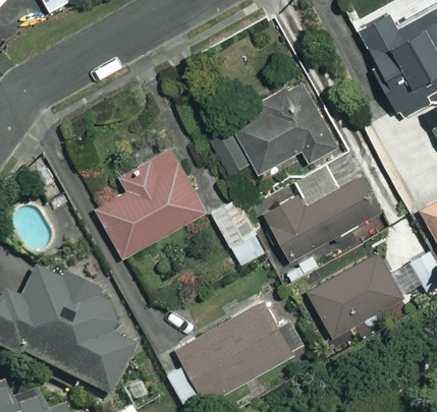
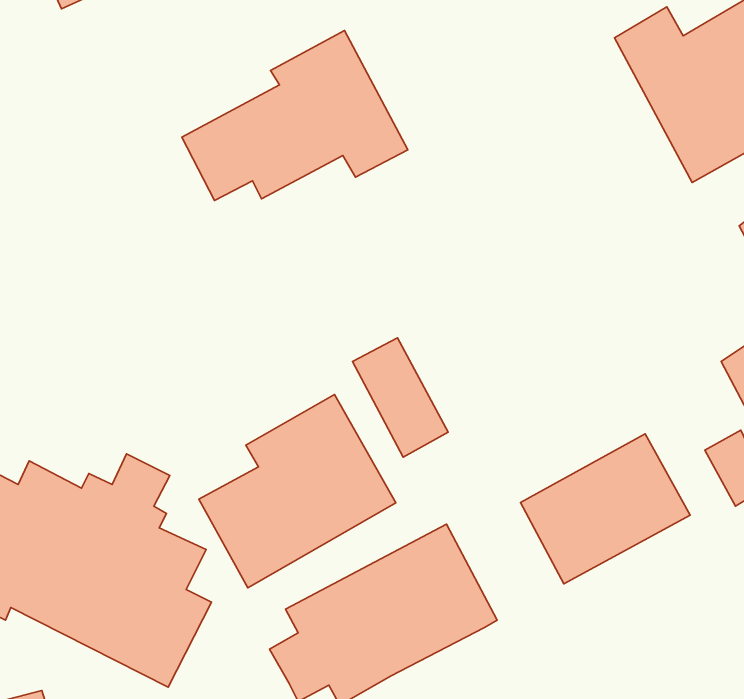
building: [211,79,338,175] -> [182,31,408,201]
building: [95,150,206,258] -> [199,394,396,588]
building: [263,163,378,260] -> none

